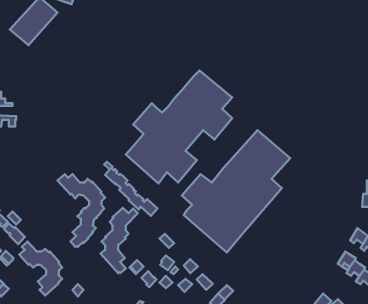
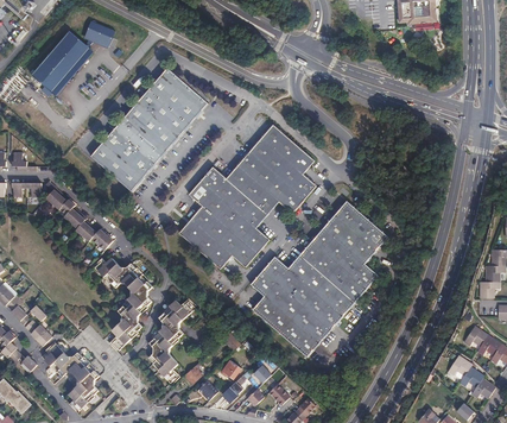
building: none -> [90,67,209,191]
building: [104,162,157,216] -> [45,181,113,250]

